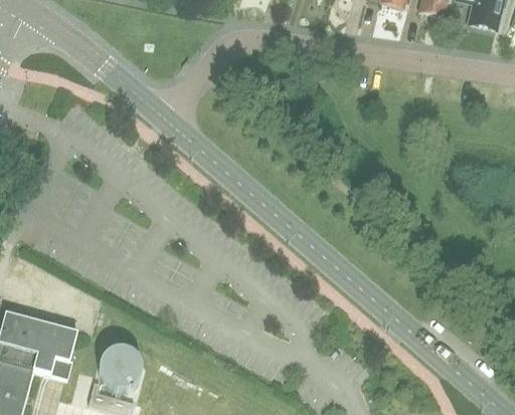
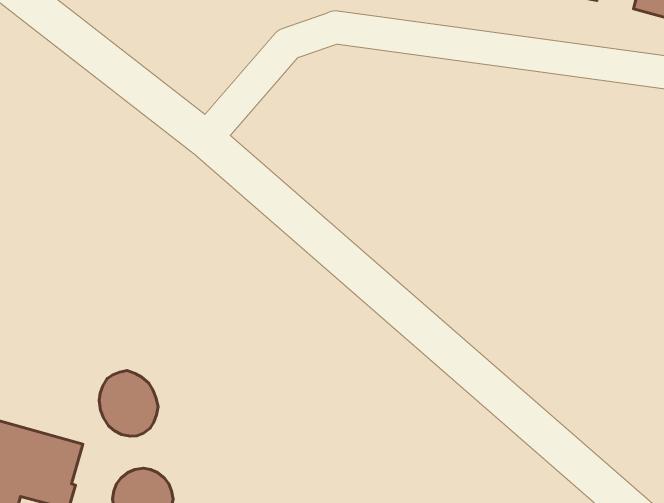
building: none -> [99,371,158,436]

